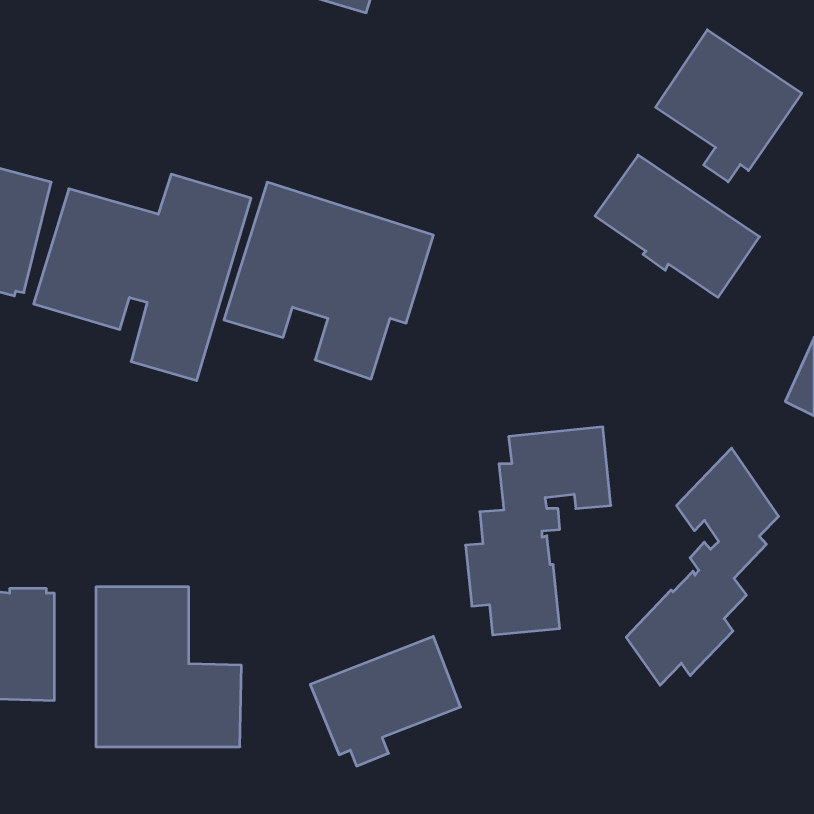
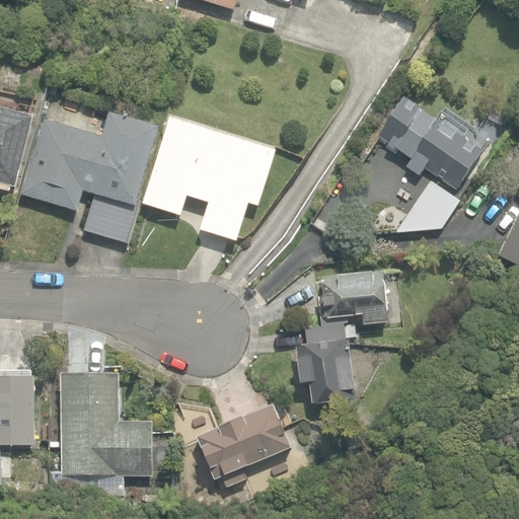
building: [656,30,802,182] -> none
building: none -> [394,180,458,232]
building: [626,448,779,685] -> none

